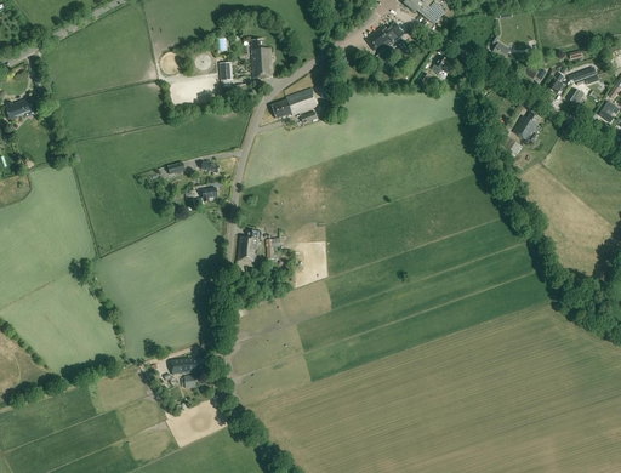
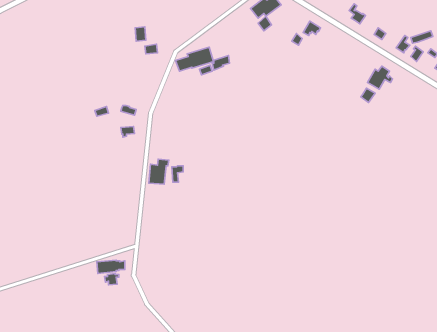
building: [251,39,274,79] -> none

